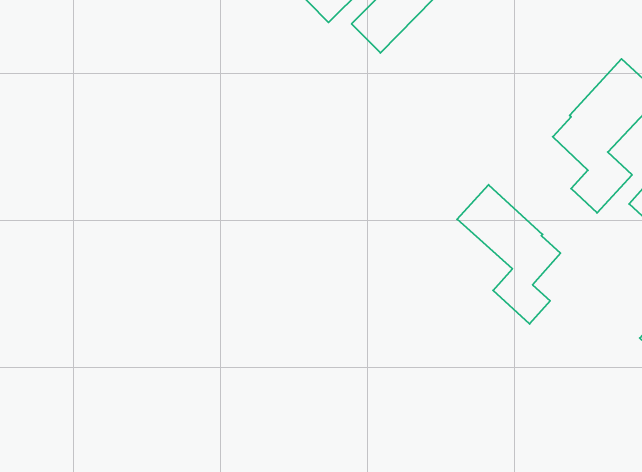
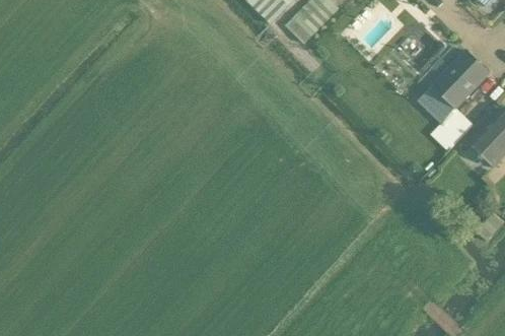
building: [457,185,560,324] -> none

